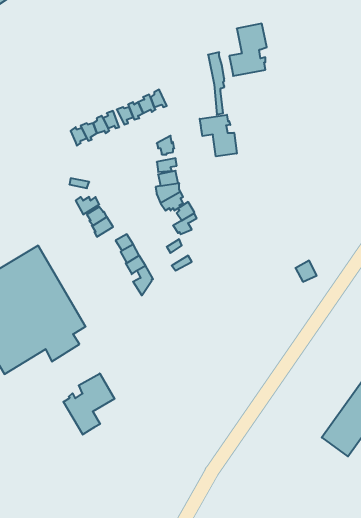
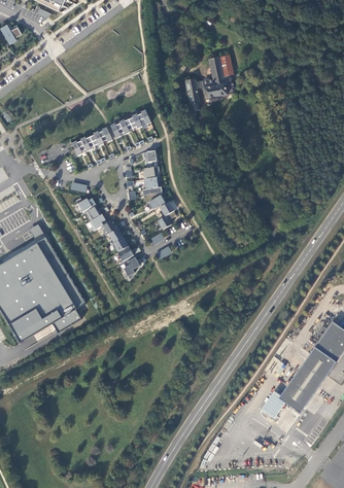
building: [200,115,237,156] -> none
building: [63,373,115,435] -> none

